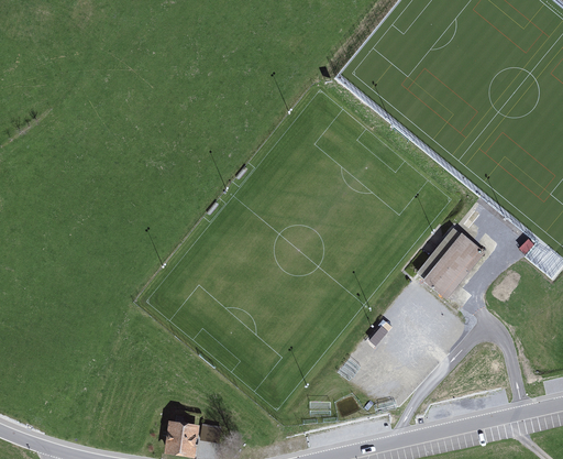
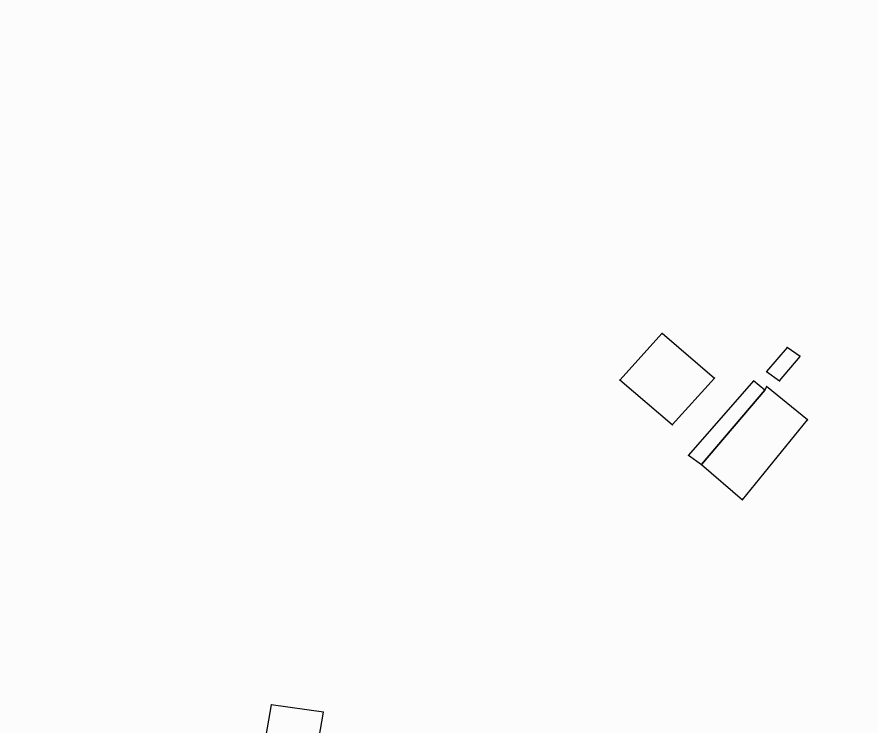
building: none -> [620,333,715,425]

